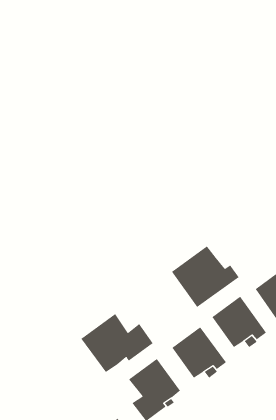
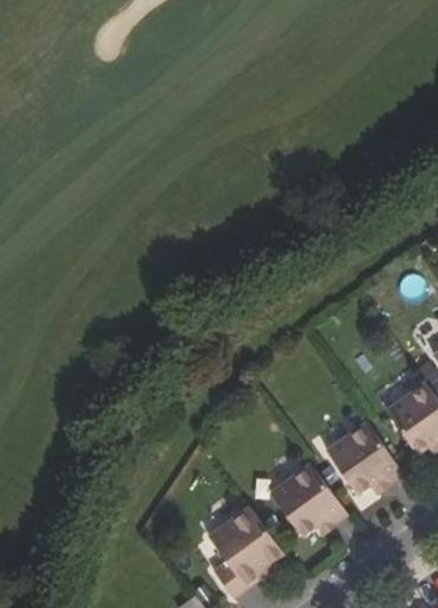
building: [171,245,239,308] -> none
building: [81,313,154,373] -> none

